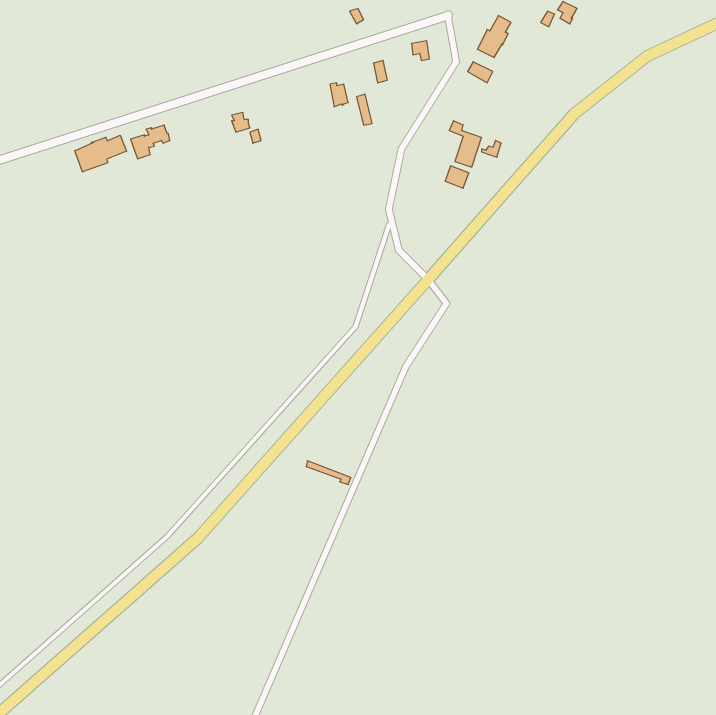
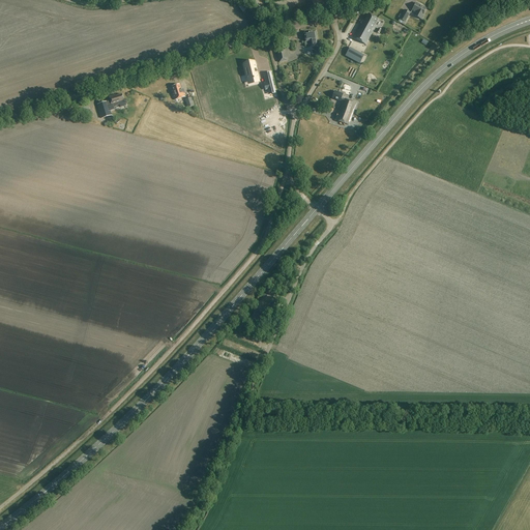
building: [75,135,127,172] -> none

